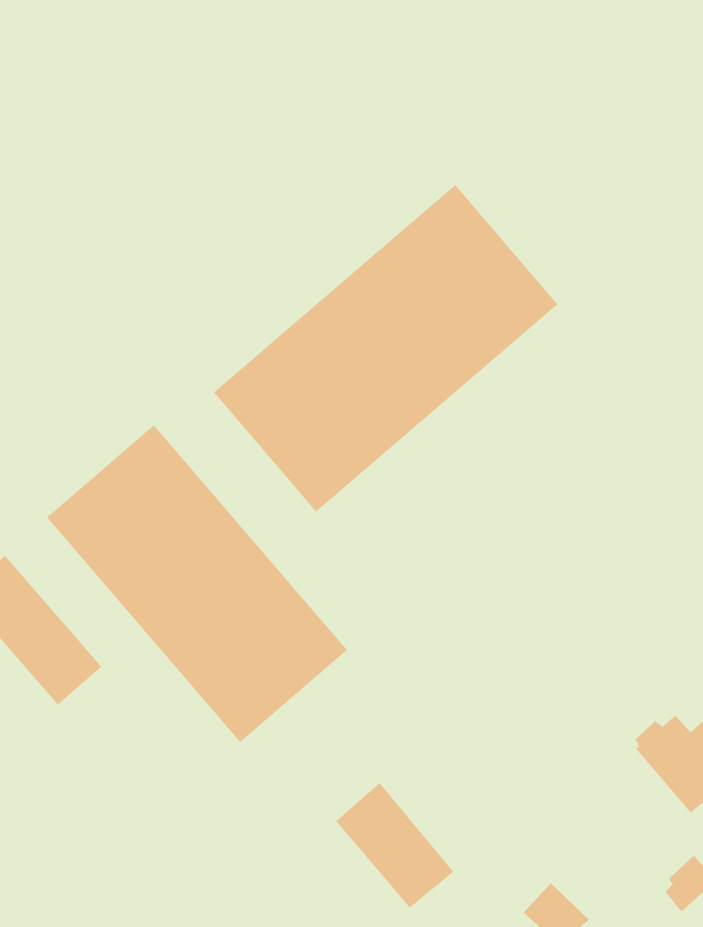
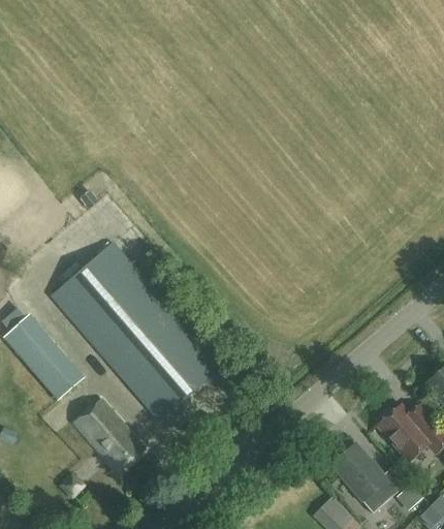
building: [213,184,558,512] -> none
building: none -> [73,399,145,471]
building: [335,782,454,909] -> [331,442,398,512]

